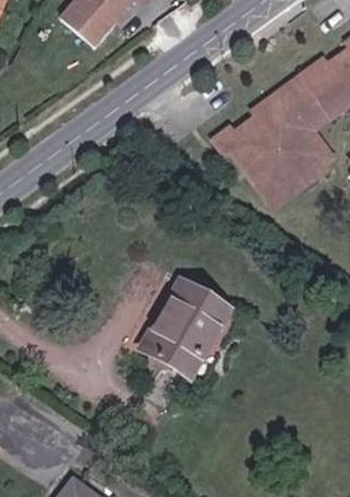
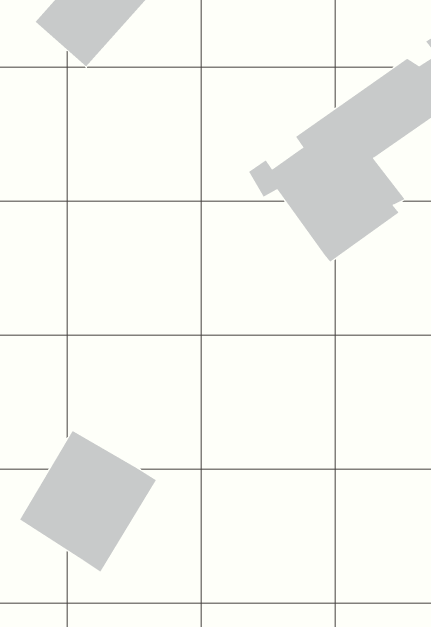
building: [150,286,251,390] -> [19,430,157,572]

